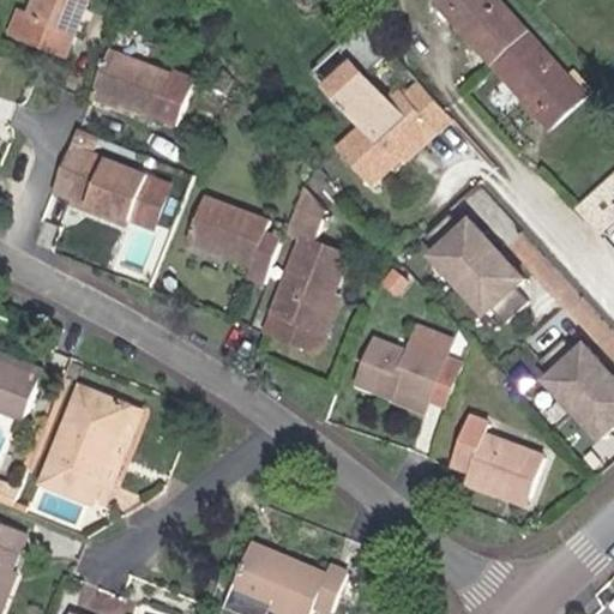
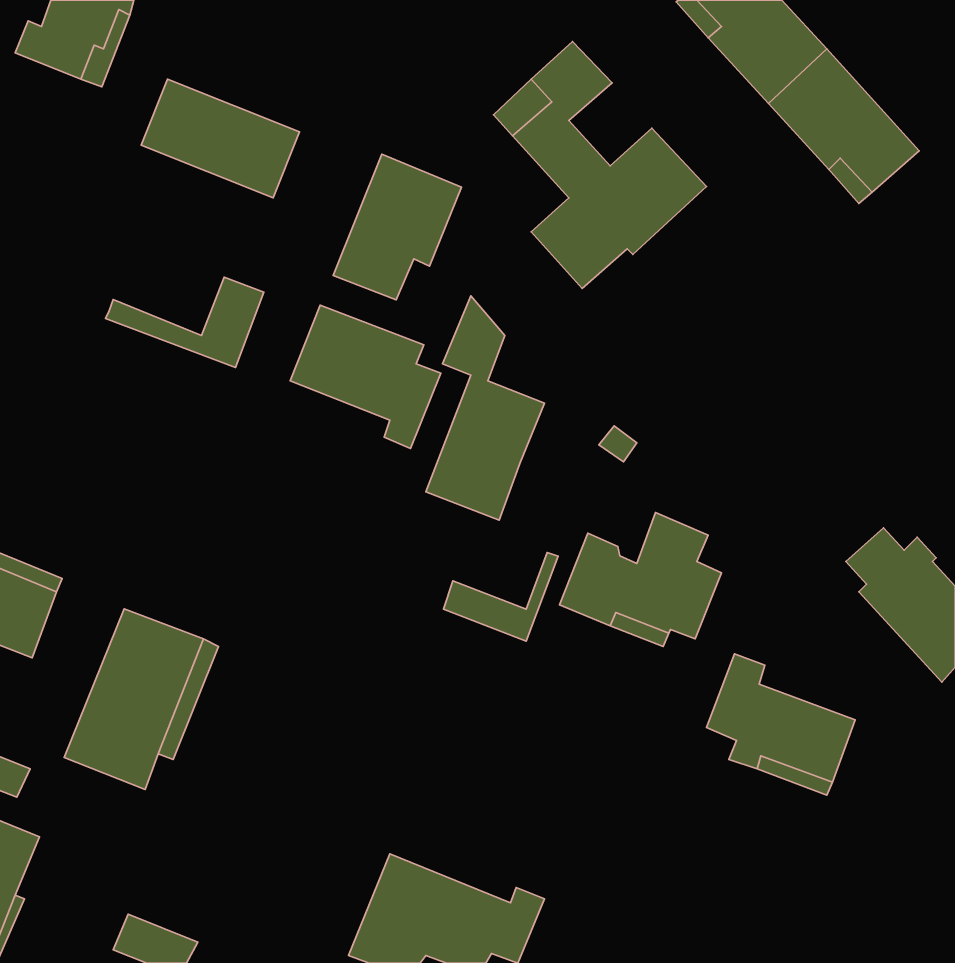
building: none -> [333,154,461,300]
building: [50,128,143,213] -> none
building: [425,210,528,319] -> none
building: [265,295,338,351] -> [443,553,558,641]

